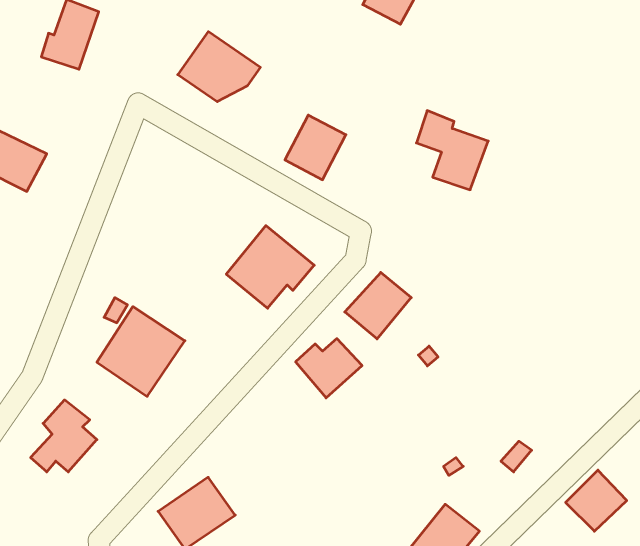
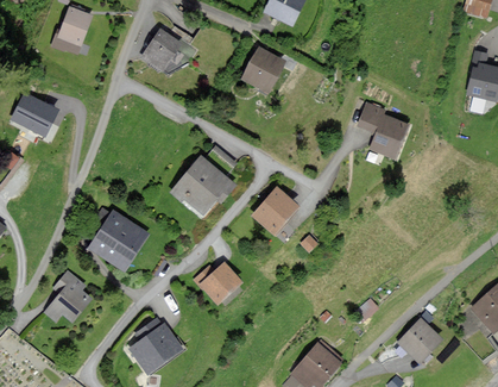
building: [416,111,488,190] -> [359,104,406,156]
building: [285,115,346,180] -> [242,48,283,90]
building: [296,339,362,398] -> [196,263,240,302]

